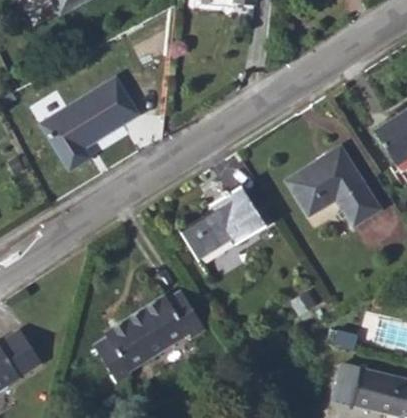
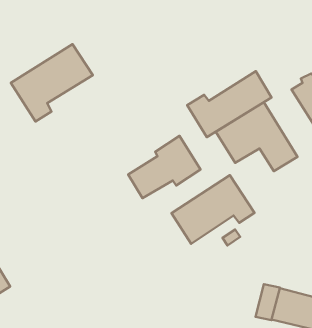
building: none -> [187,71,271,137]
building: none -> [172,175,254,244]
building: [93,291,206,385] -> none

